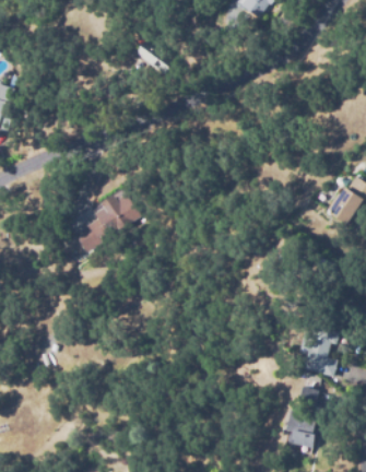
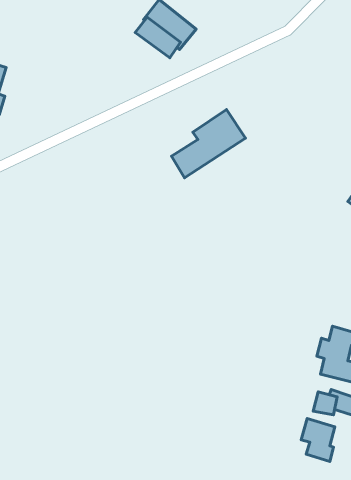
building: [73,191,141,253] -> [171,109,246,178]

